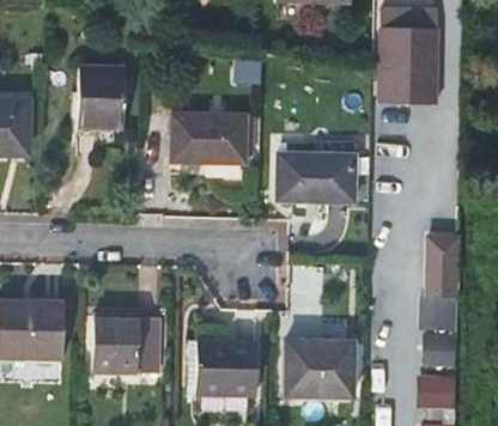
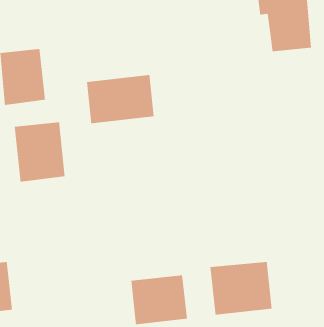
building: none -> [14,122,65,182]
building: [279,153,354,200] -> none
building: [89,317,154,373] -> none

